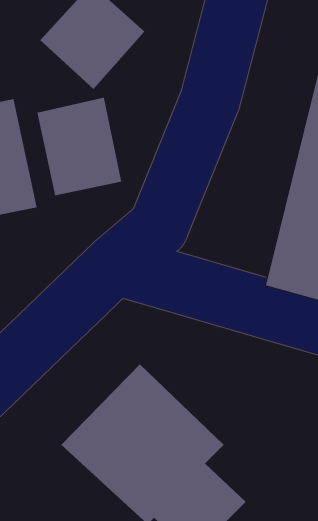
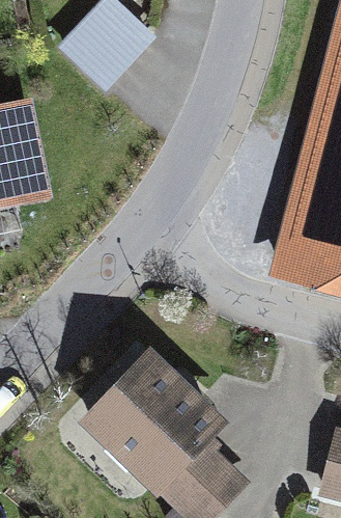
building: [37,97,122,196] -> none

